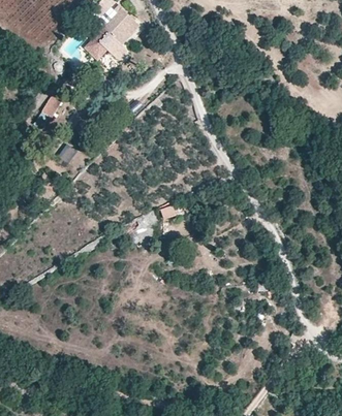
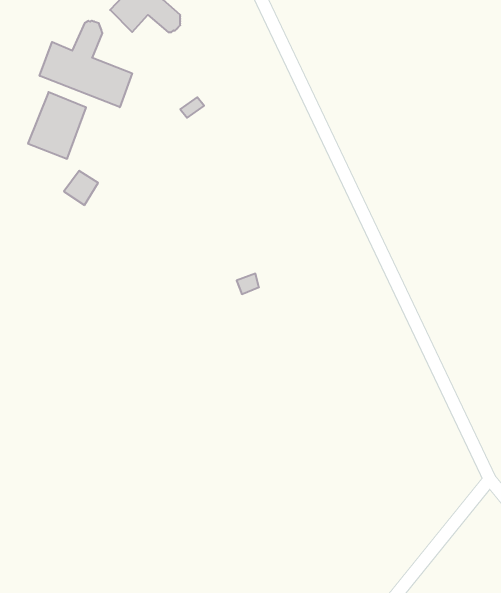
building: none -> [40,21,132,107]

